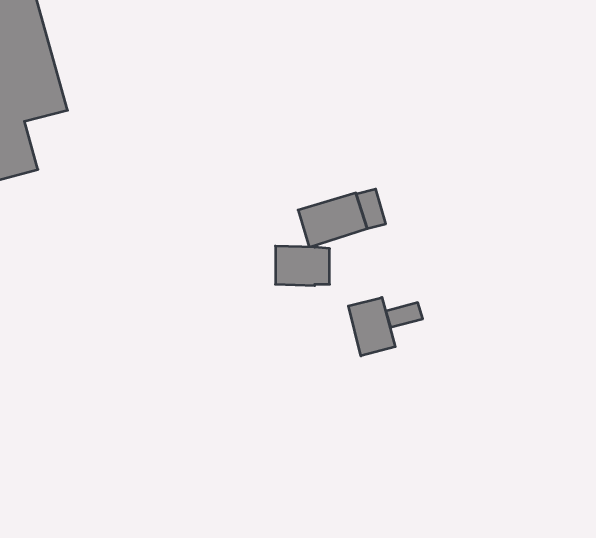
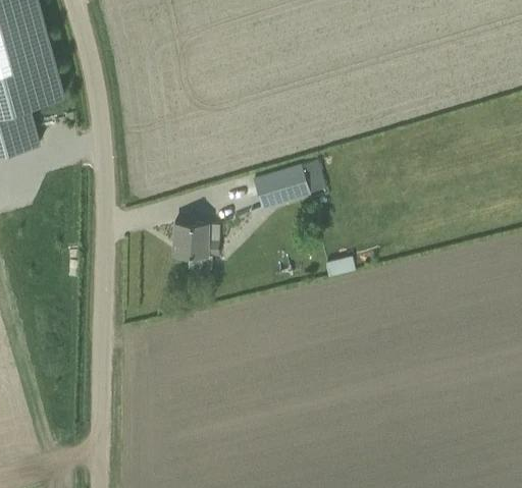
building: [275,246,330,286] -> [174,224,219,257]
building: [348,297,395,356] -> none

